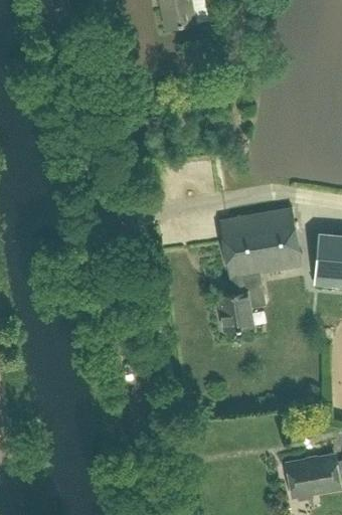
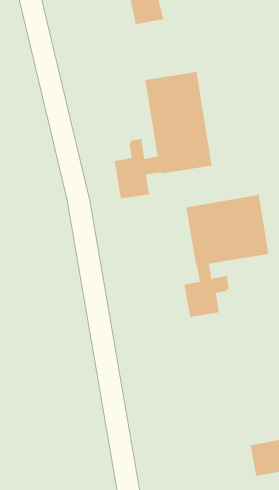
building: none -> [114,71,212,199]

